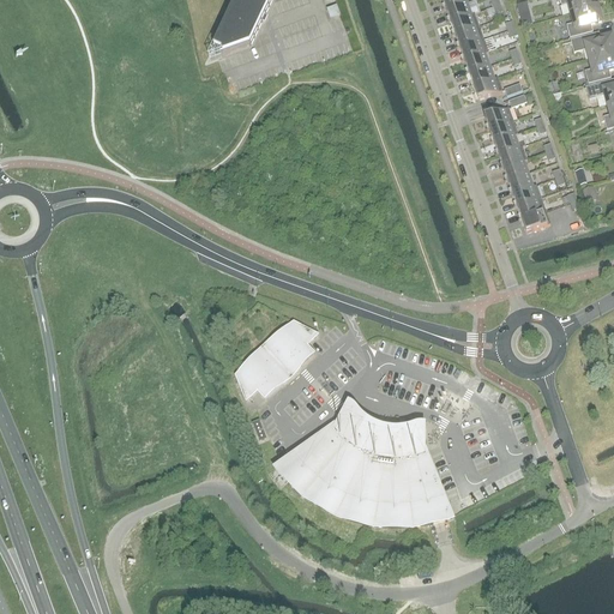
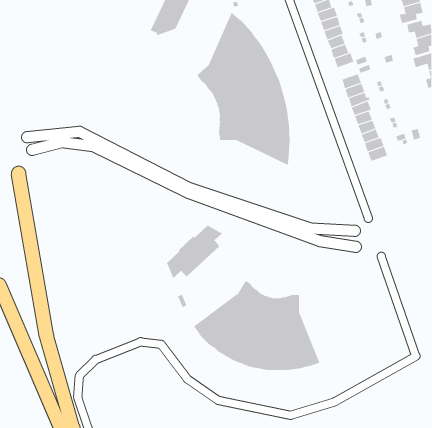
building: none -> [197,12,290,166]

